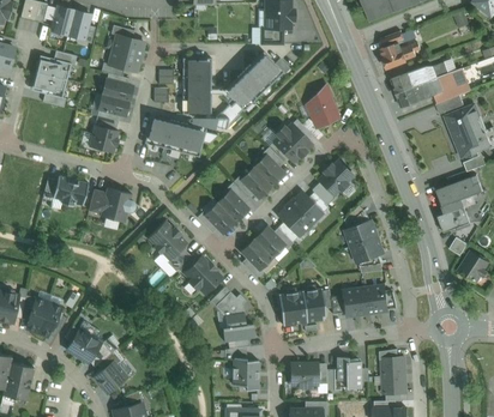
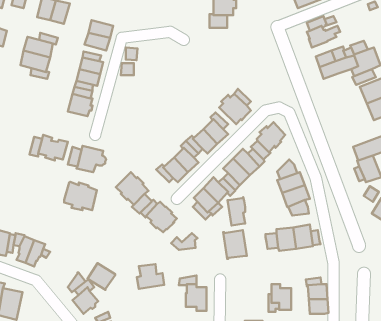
building: [227,55,282,109] -> none
building: [182,59,210,114] -> none
building: [306,85,341,128] -> none
building: [144,115,206,157] -> none
building: none -> [64,182,97,210]
building: [302,288,324,322] -> [227,197,245,226]
building: [222,313,255,343] -> [137,264,164,289]
building: [67,330,101,362] -> [88,263,115,290]
building: [291,363,318,387] -> none

